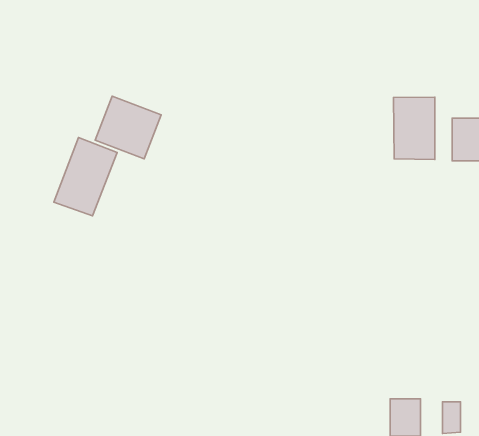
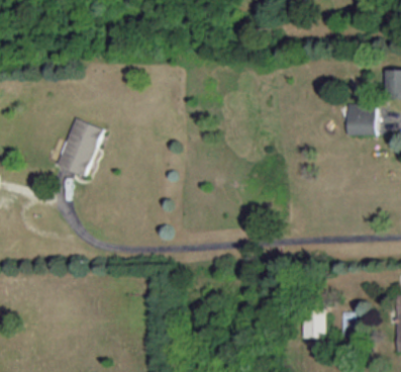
building: [95,96,161,159] -> none
building: [394,97,435,160] -> none

